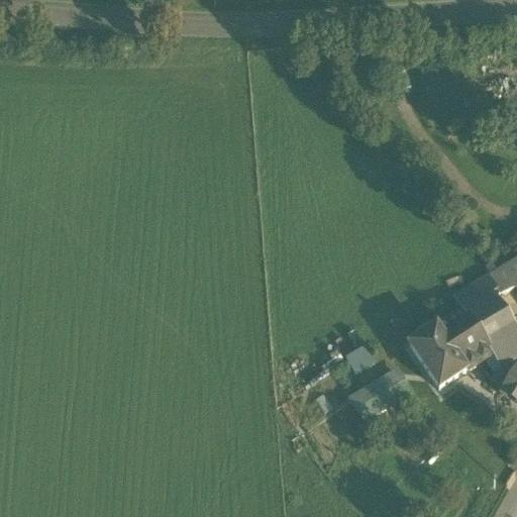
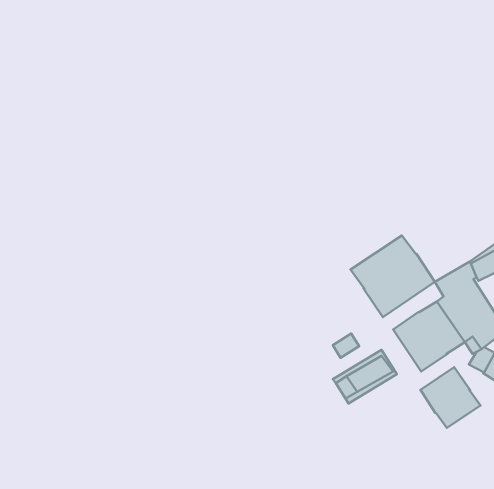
building: none -> [351,236,435,317]
building: none -> [420,367,481,428]

